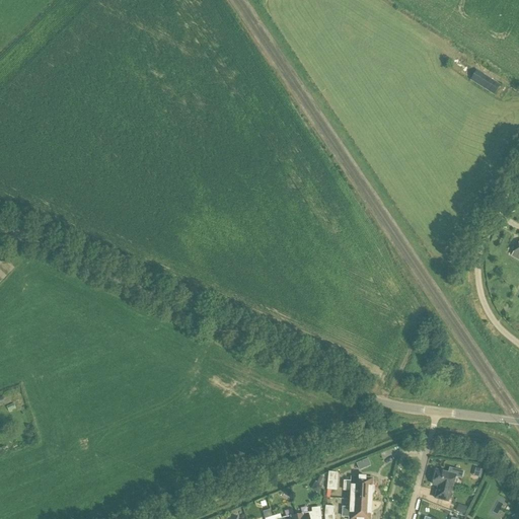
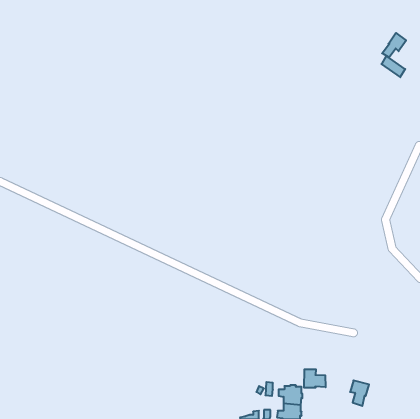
building: none -> [382,33,406,58]
building: none -> [304,369,326,388]

